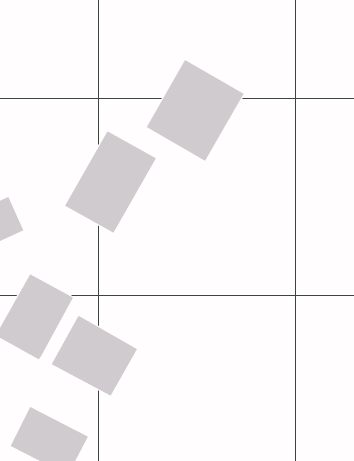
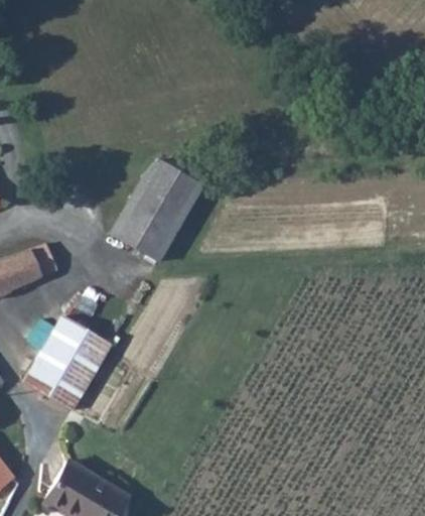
building: [146,59,244,162] -> none
building: [51,315,138,397] -> none

